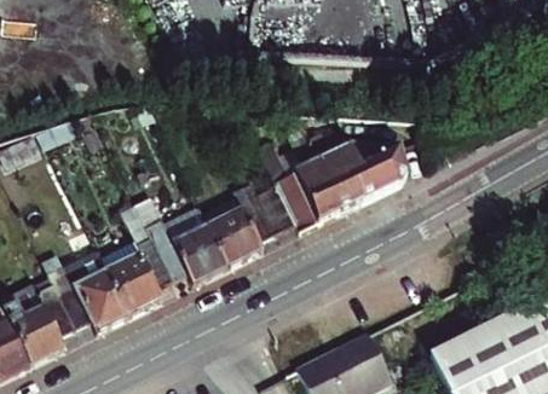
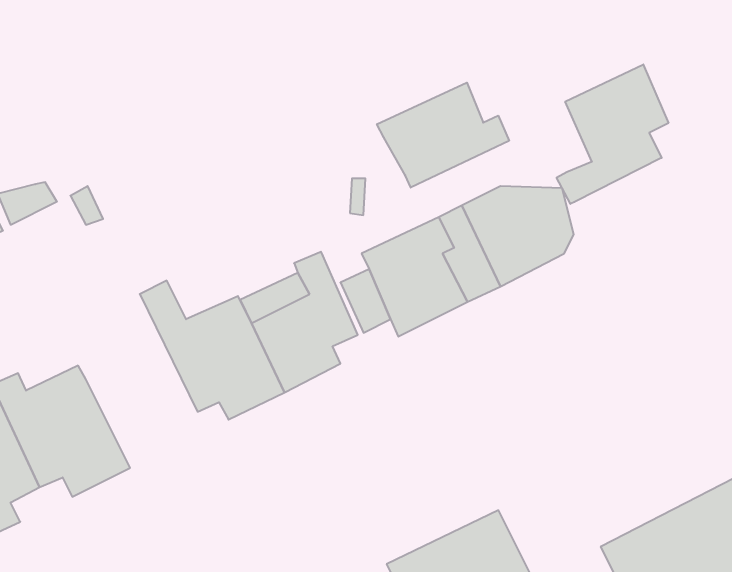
building: none -> [557,64,668,204]
building: none -> [377,83,509,188]
building: [105,207,175,315] -> none

